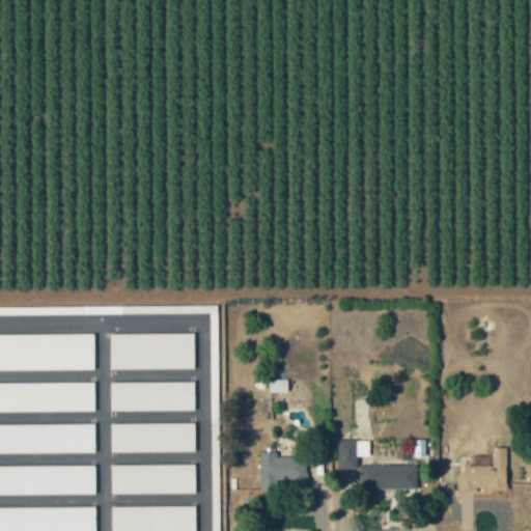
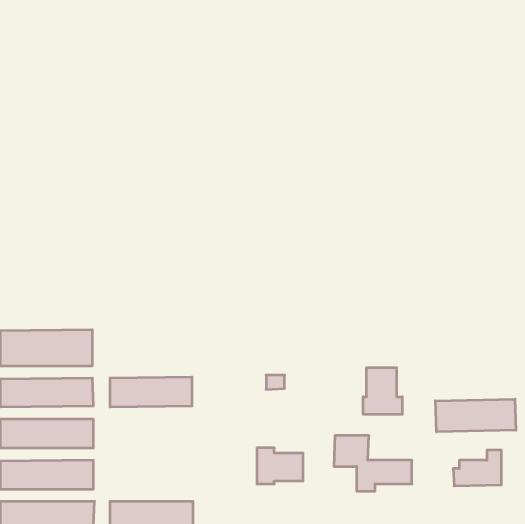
building: [110,334,194,369] -> none
building: none -> [363,368,402,414]
building: none -> [435,399,516,432]
building: [111,423,195,453] -> none
building: [111,465,195,495] -> none

